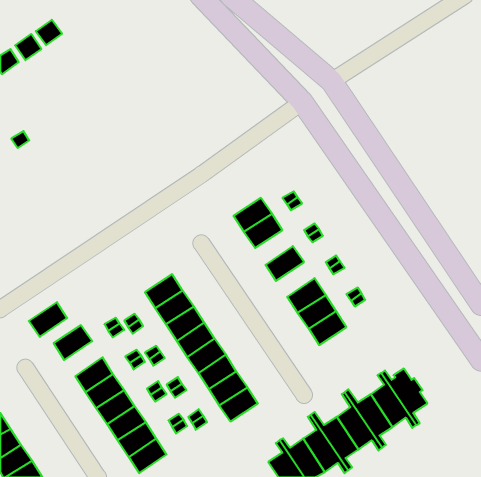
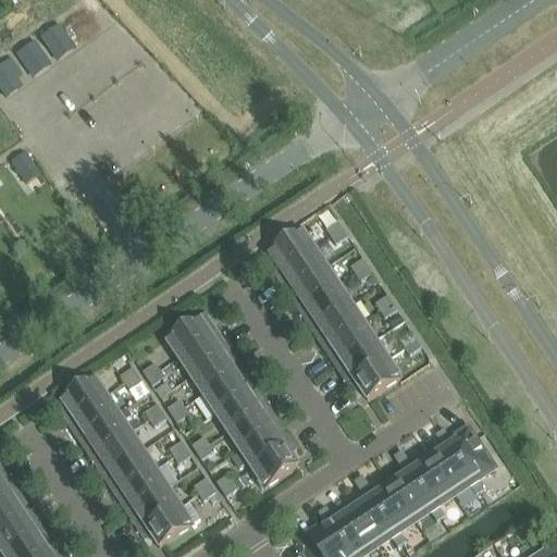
building: none -> [295,265,338,306]
building: none -> [319,302,363,343]
building: [29,302,67,337] -> [74,394,119,434]

